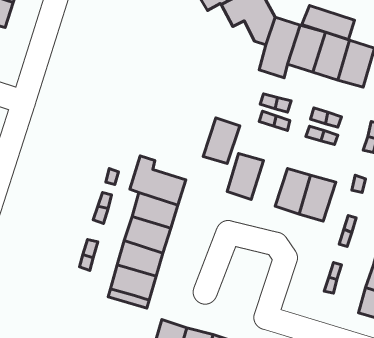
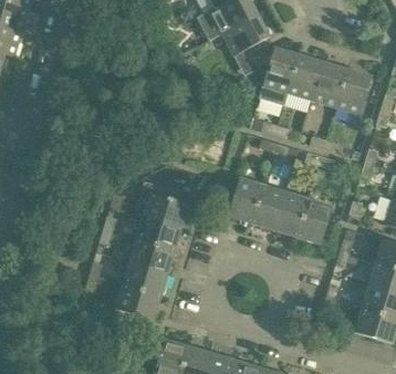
building: [302,5,354,40] -> none
building: [203,118,240,163] -> [251,185,286,229]

